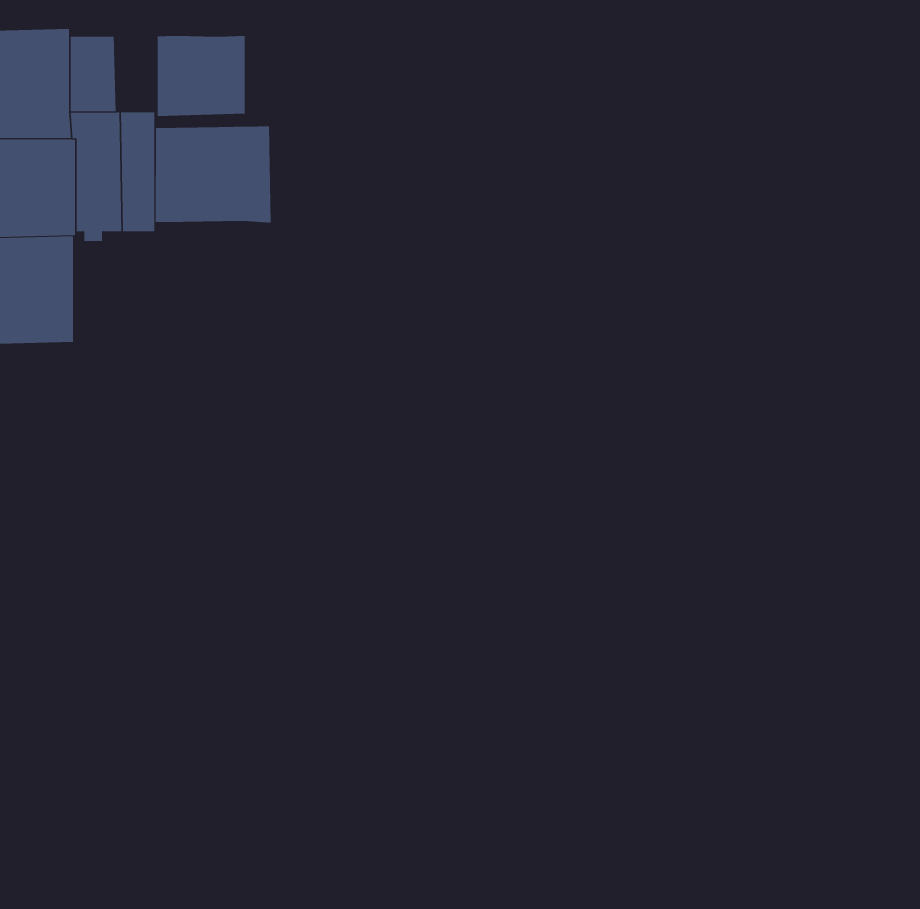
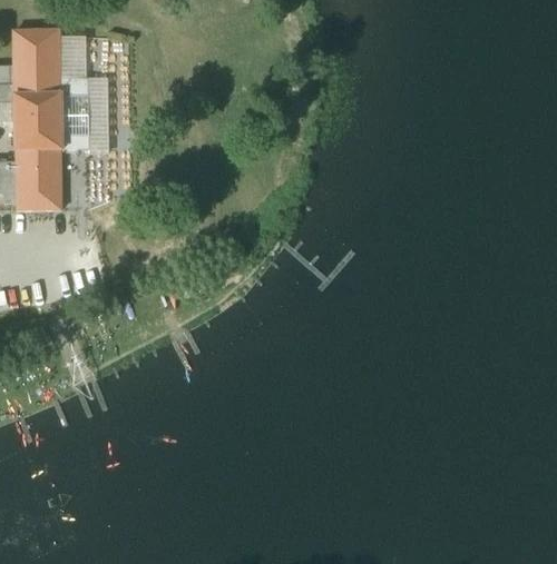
building: [157,35,245,117] -> none
building: [155,126,271,224] -> none

